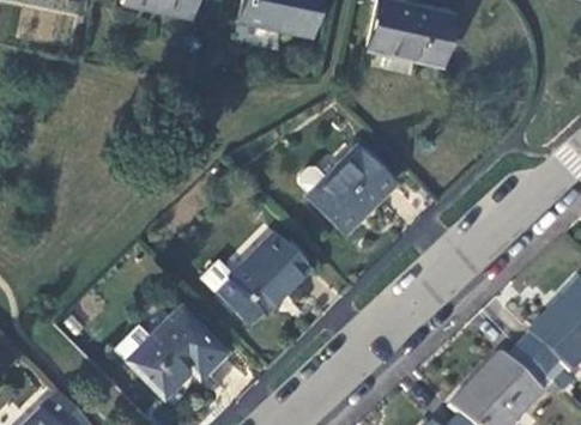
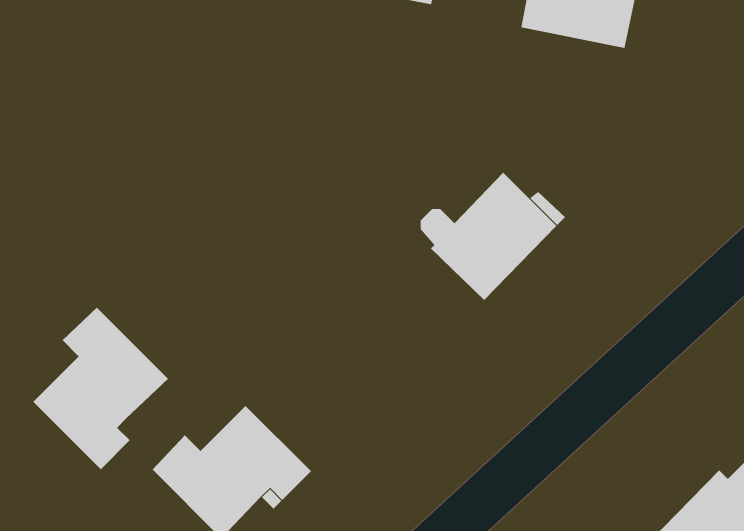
building: [201,236,309,328] -> none
building: none -> [32,307,169,470]

